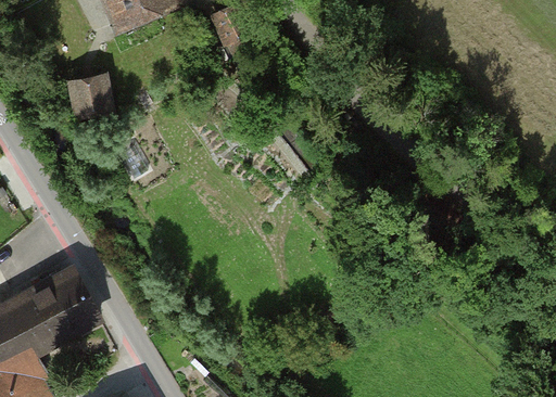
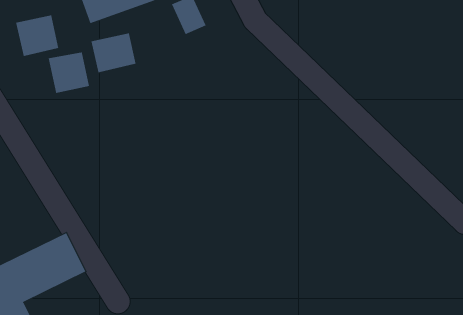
building: none -> [16,15,59,57]
building: none -> [91,32,136,73]

